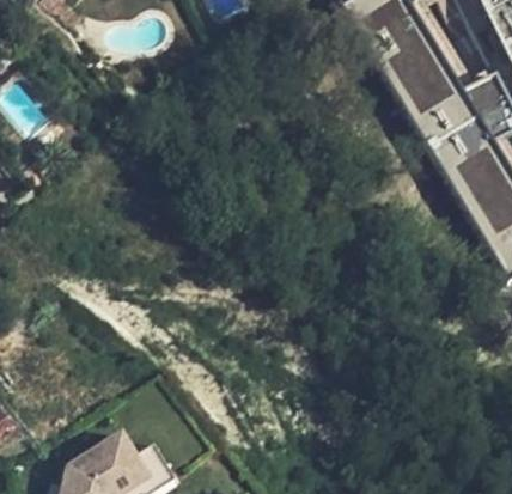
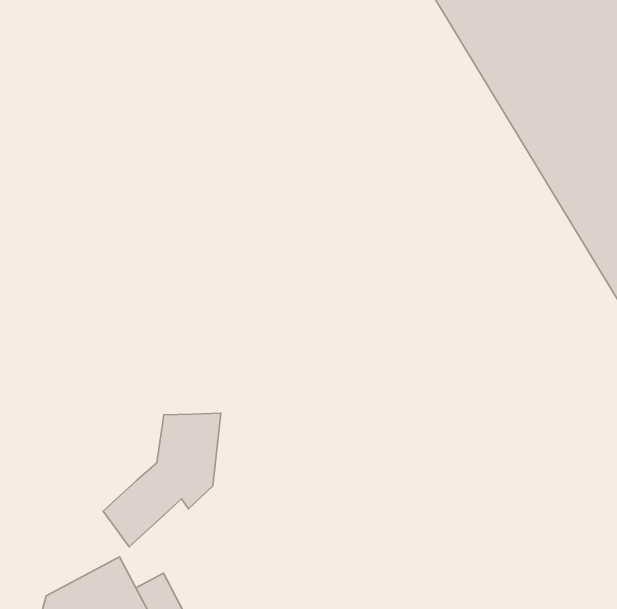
building: none -> [103,413,221,547]

